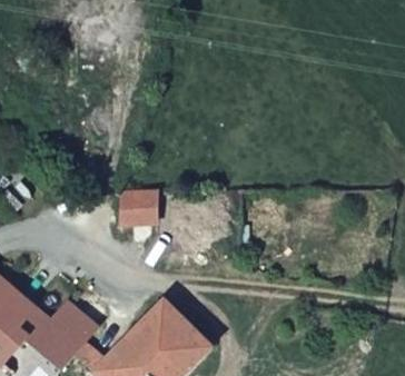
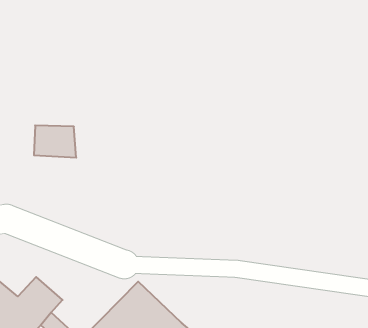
building: [112,192,154,224] -> [34,125,76,158]

